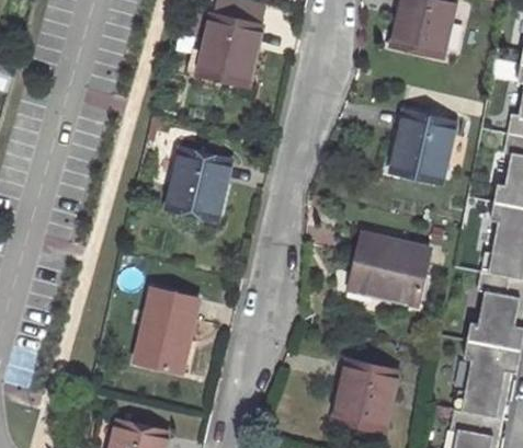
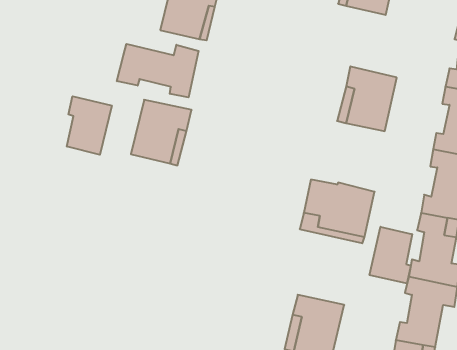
building: none -> [117,44,199,97]
building: none -> [67,96,112,155]
building: none -> [370,227,412,283]
building: [135,288,200,372] -> none

